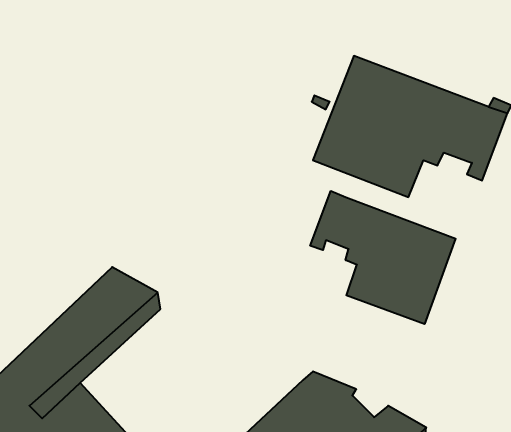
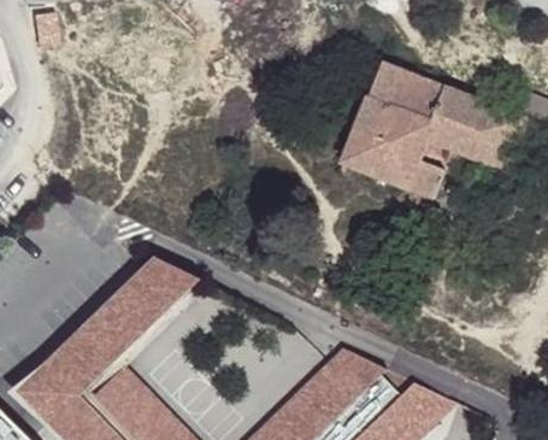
building: [310,191,456,324] -> none

